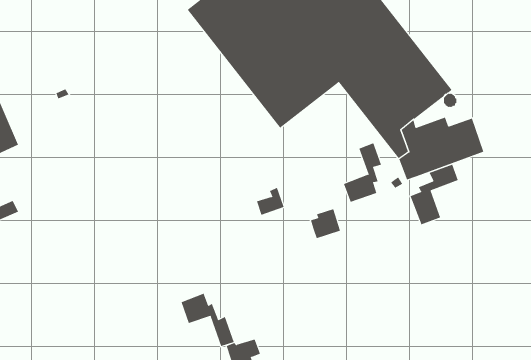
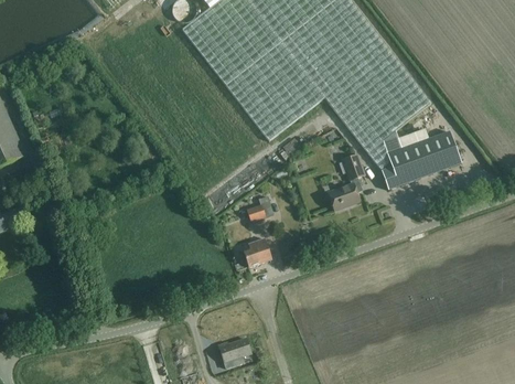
building: [410,164,458,225] -> none
building: [310,208,341,239] -> [243,237,271,266]
building: [181,293,234,347] -> none

